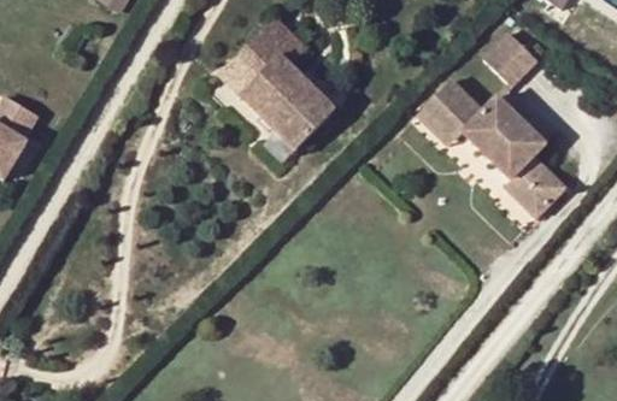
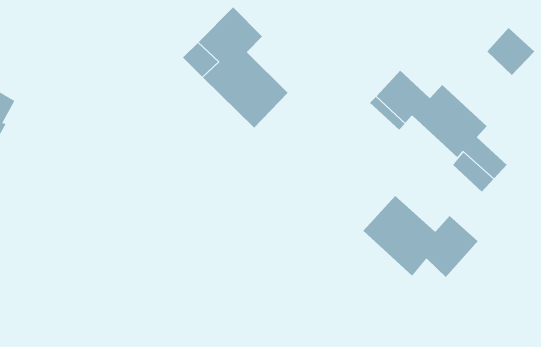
building: [483,33,536,85] -> [486,27,535,76]
building: none -> [362,195,479,278]

